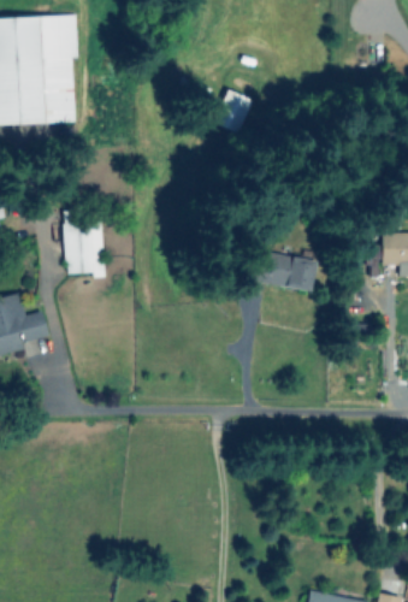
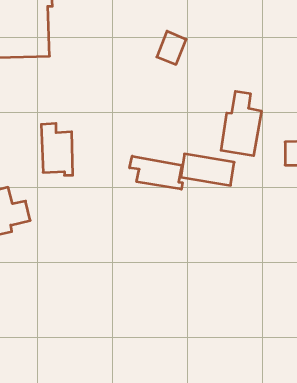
building: none -> [221,91,261,156]
building: none -> [130,156,182,189]

